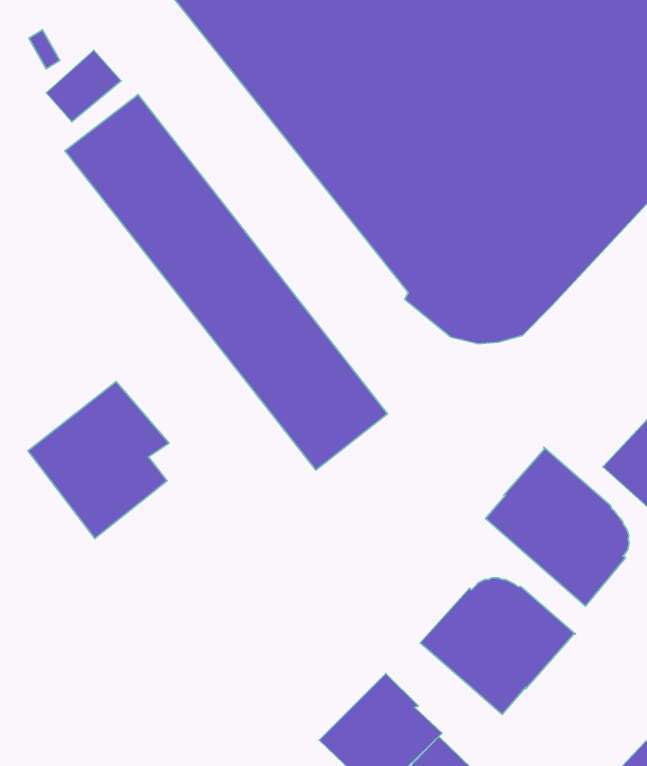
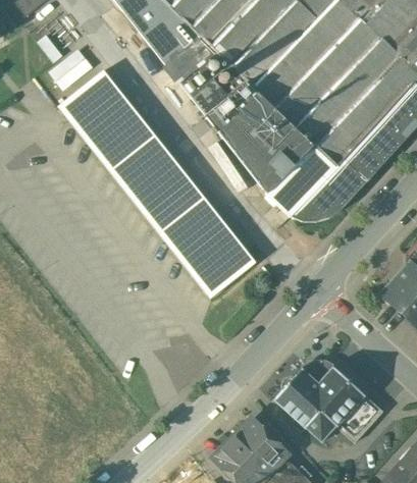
building: [28,382,169,538] -> none
building: [485,447,629,606] -> none
building: none -> [336,394,383,443]

